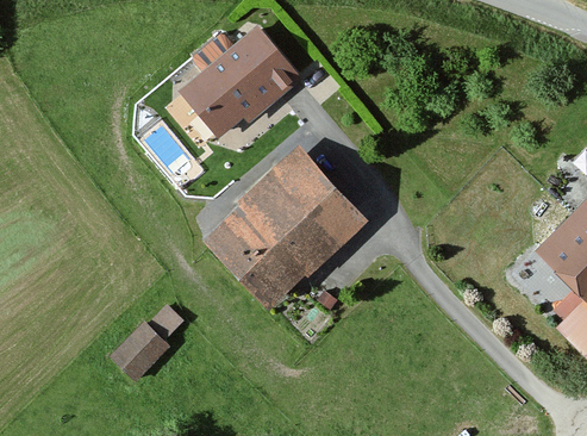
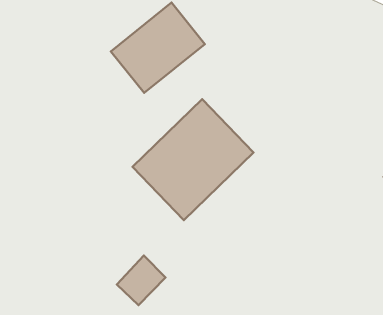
building: [106,318,170,384] -> [117,256,165,305]

